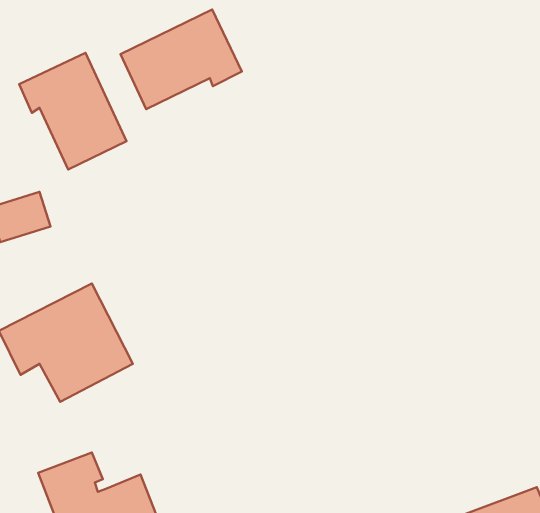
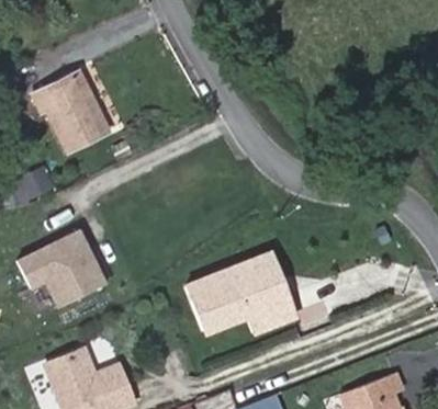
building: [121,10,242,109] -> none
building: none -> [183,251,295,332]

